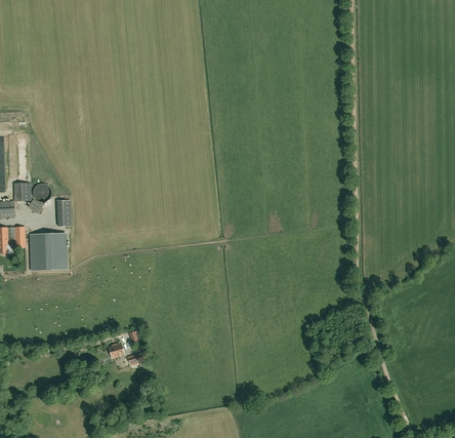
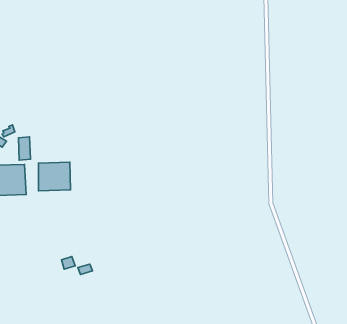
building: none -> [38,162,71,191]

